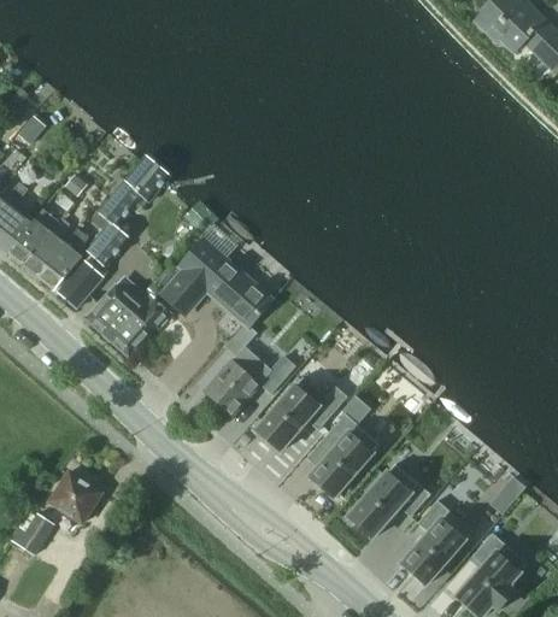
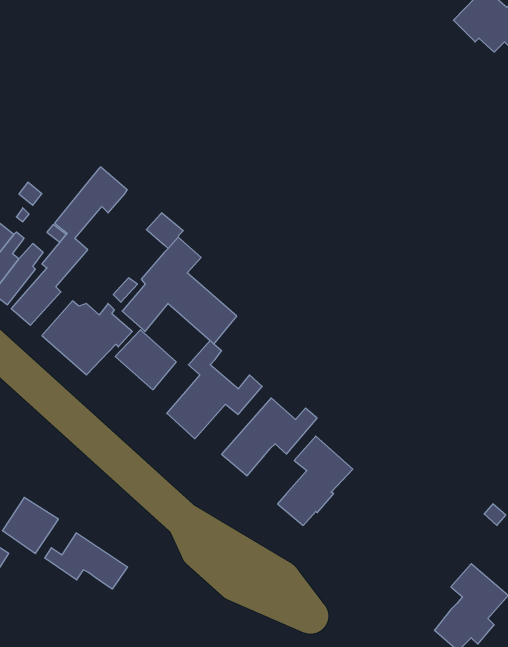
building: none -> [115,330,176,390]
building: [347,464,429,537] -> none
building: [401,500,471,584] -> none
building: none -> [45,533,128,589]

